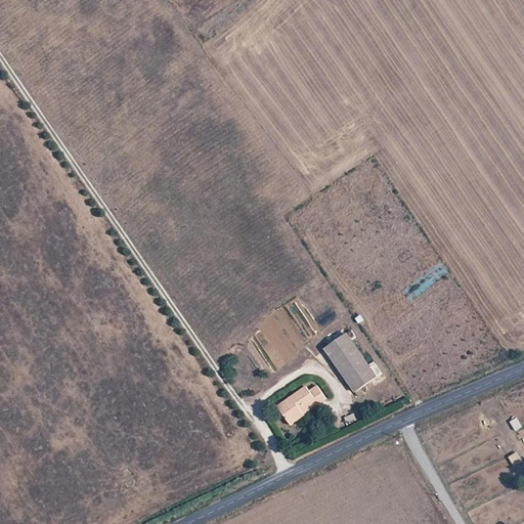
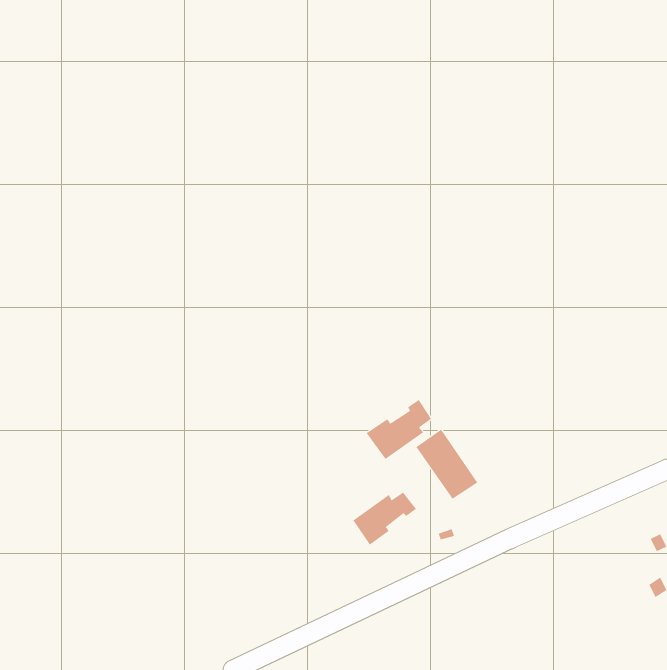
building: none -> [366,399,432,460]

